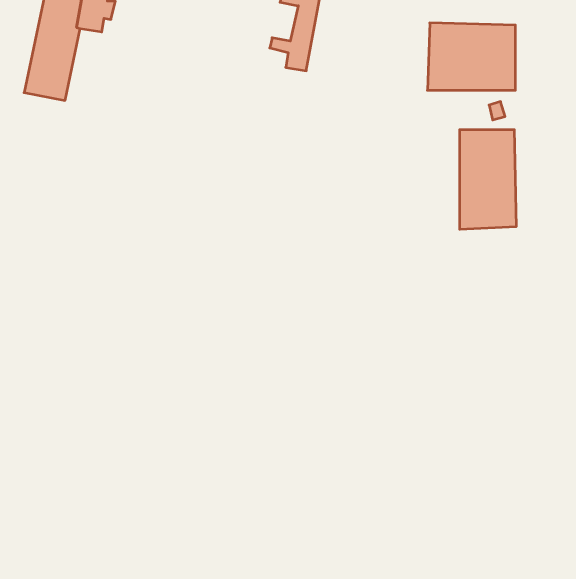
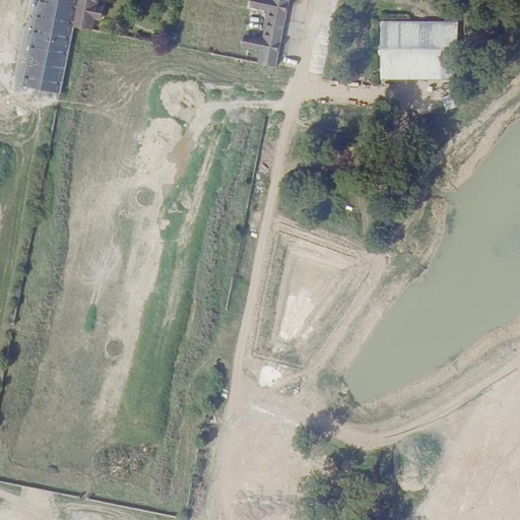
building: [460,130,516,229] -> none

